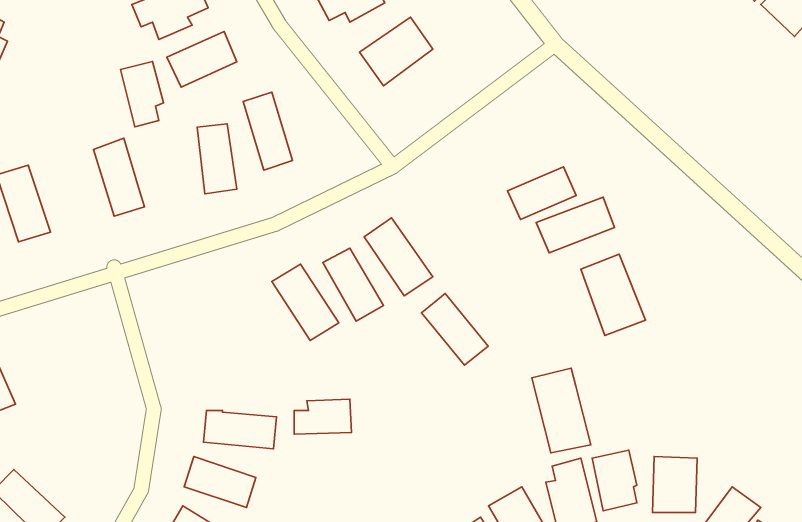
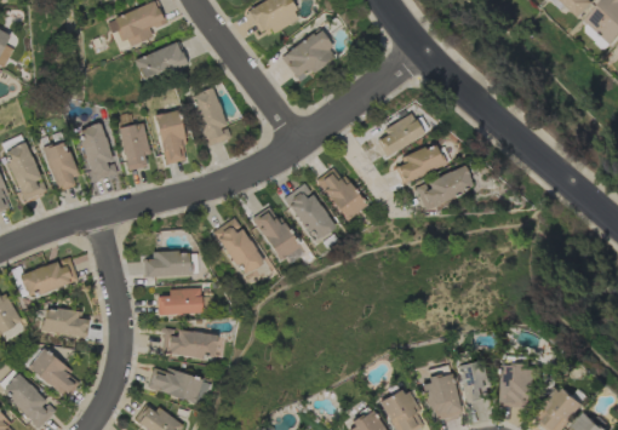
building: [121,62,164,127] -> [118,122,150,172]
building: none -> [377,114,424,156]
building: none -> [41,141,78,193]
building: [581,254,645,336] -> none
building: [421,294,488,365] -> [315,166,366,220]
building: none -> [143,252,190,279]
building: none -> [21,260,78,296]
building: [532,368,591,453] -> none
building: none -> [41,306,88,339]
building: [294,399,352,434] -> [158,288,201,315]
building: none -> [28,349,81,400]

